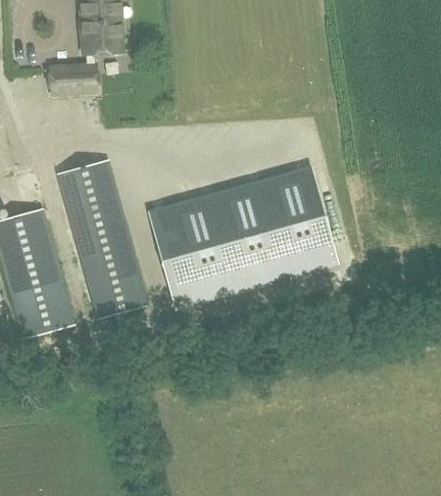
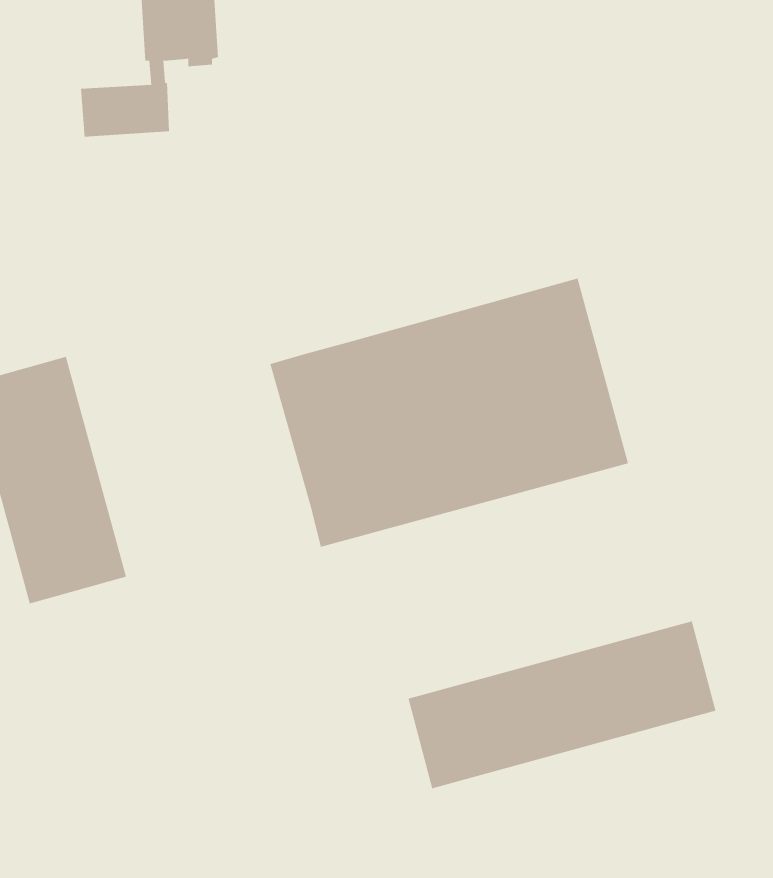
building: [58,159,147,316] -> none
building: none -> [408,620,716,789]

